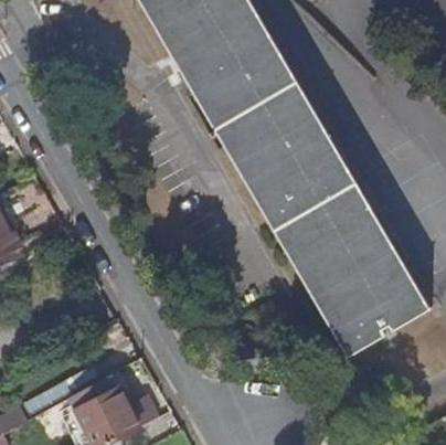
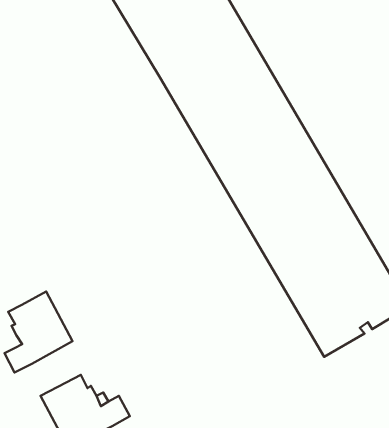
building: none -> [5,292,73,372]

